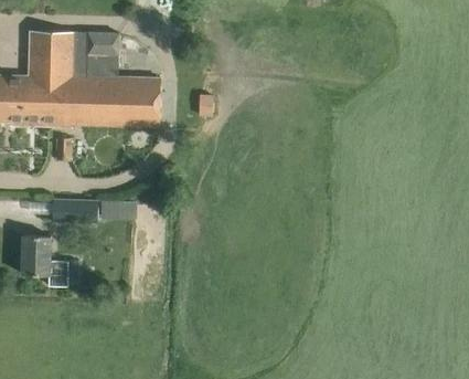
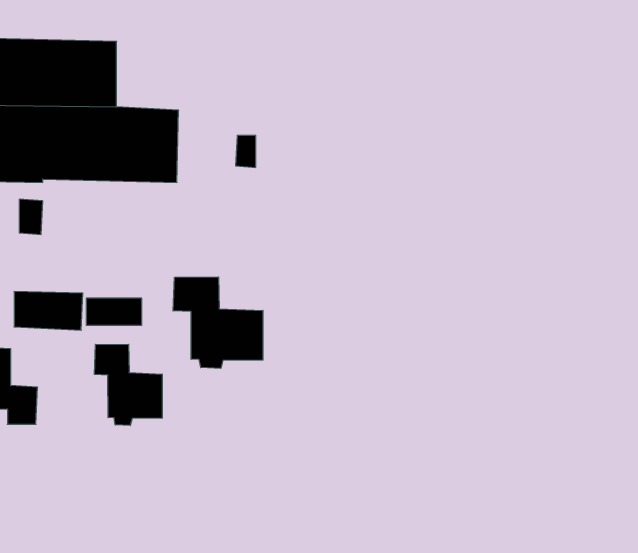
building: none -> [173,277,263,368]
building: none -> [94,344,162,426]

